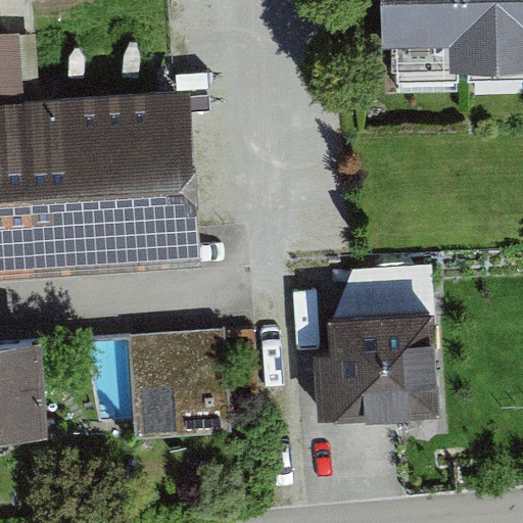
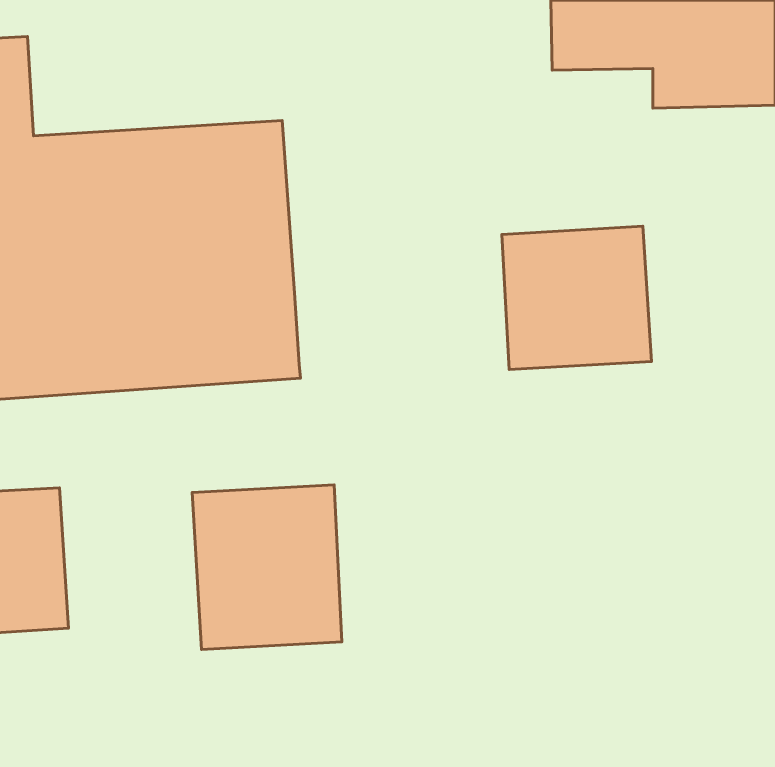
building: none -> [502,226,651,370]
building: [312,305,439,418] -> none

